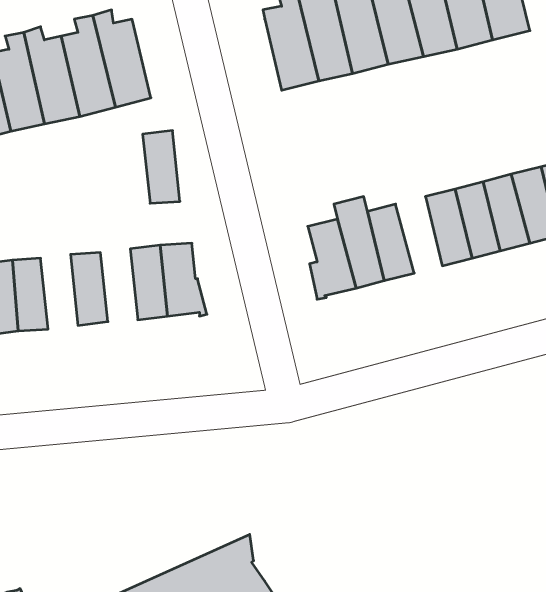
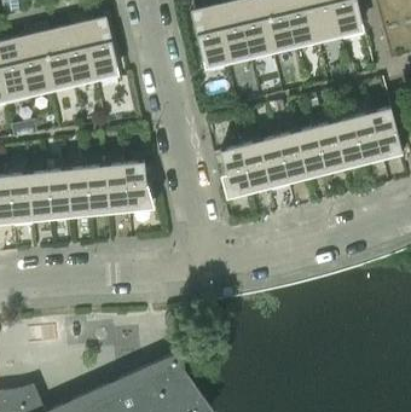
building: [143,131,180,203] -> [86,168,110,215]
building: none -> [277,134,307,184]
building: none -> [47,172,71,220]

